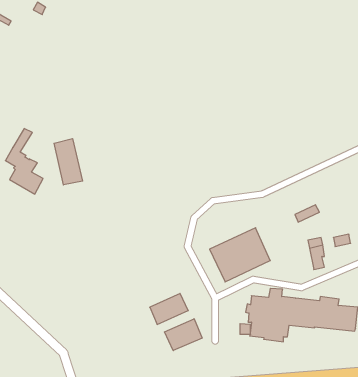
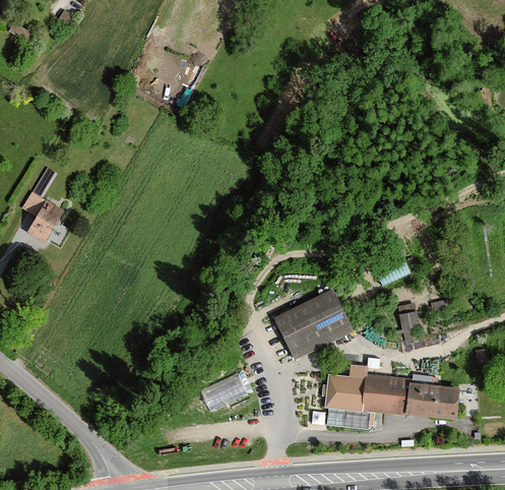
building: [54,139,83,185] -> none
building: [165,319,202,351] -> none

